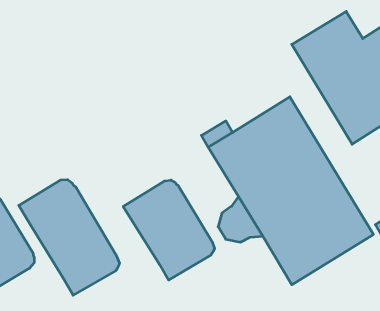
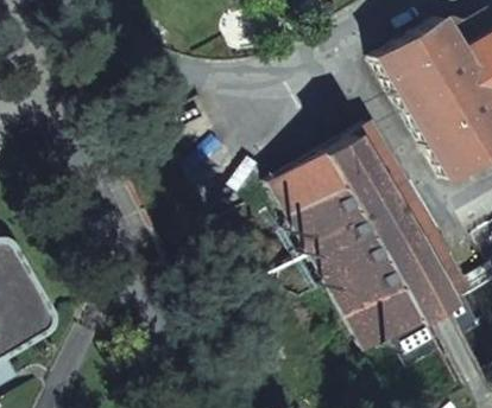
building: [19,180,119,295] -> none
building: [123,180,215,280] -> none

